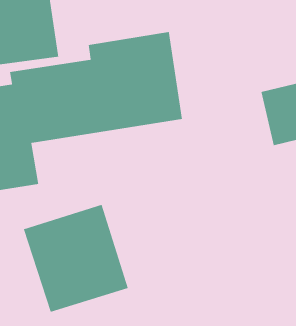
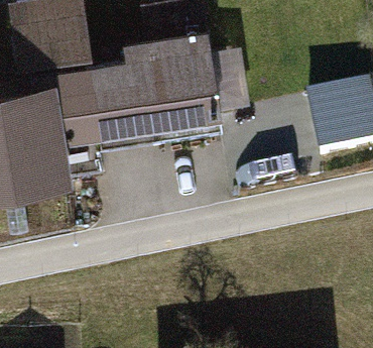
building: [23,204,129,313] -> none

